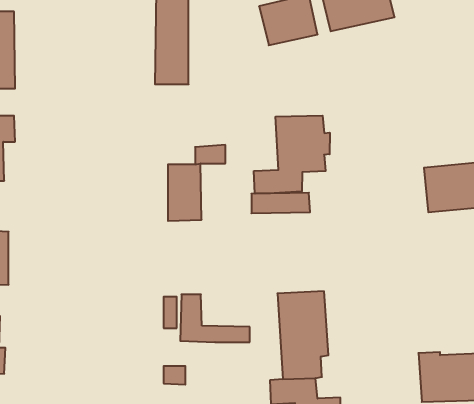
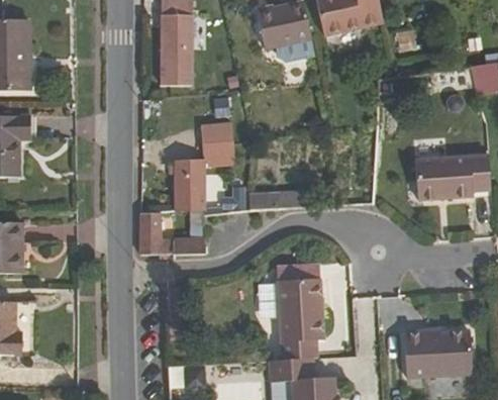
building: [254,116,330,194] -> none
building: [180,294,250,342] -> [139,210,204,255]

